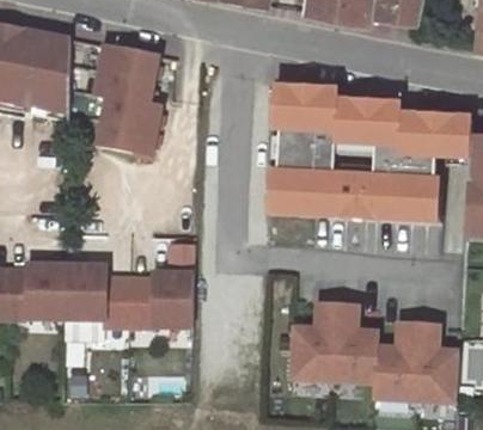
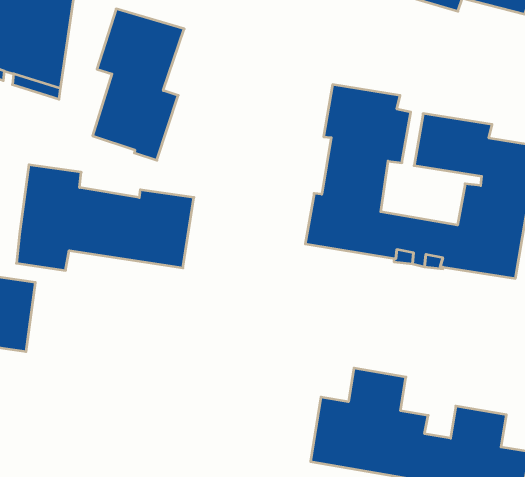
building: [325,102,399,184] -> none
building: [66,264,196,342] -> [16,165,194,270]

